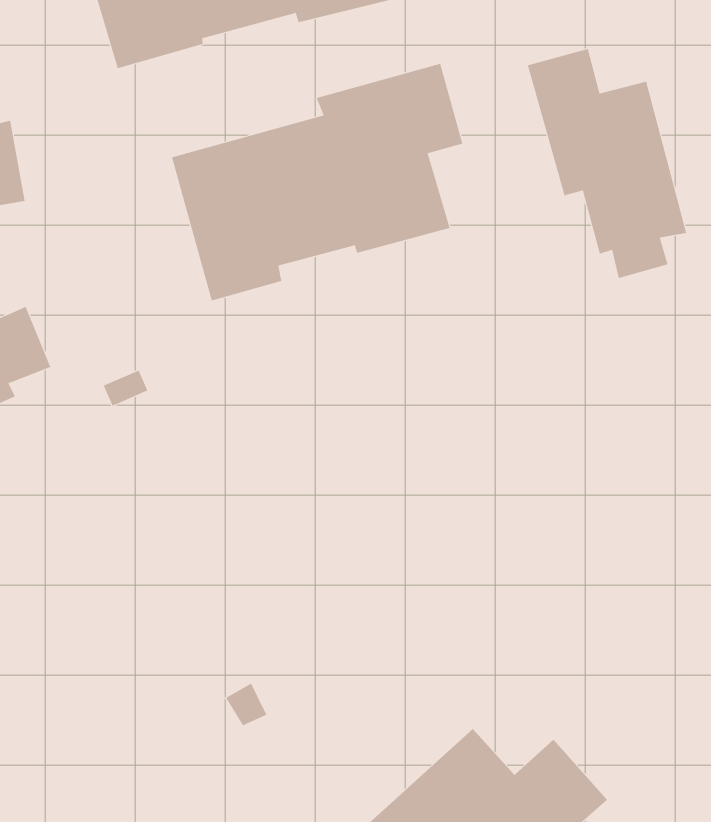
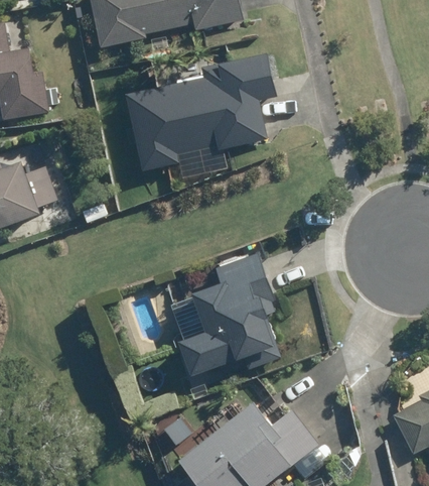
building: [527,48,687,279] -> none
building: none -> [185,251,289,373]

